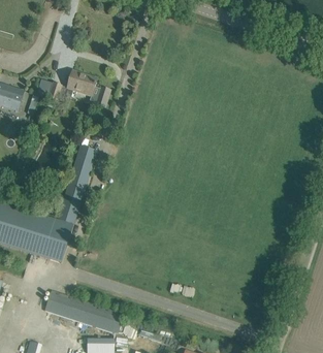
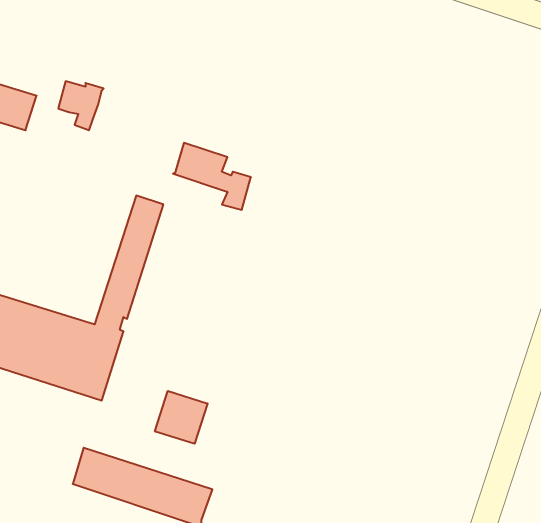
building: [66,71,110,109] -> [173,143,251,210]
building: none -> [155,391,208,444]

